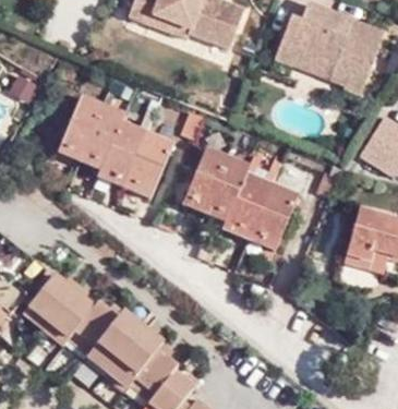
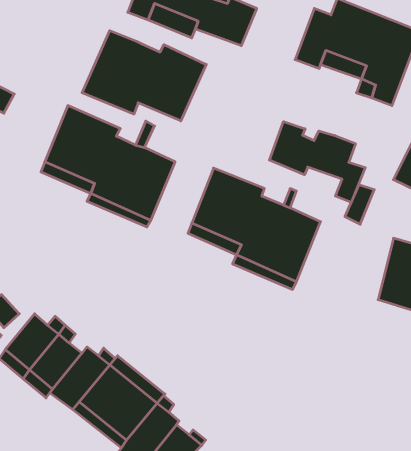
building: none -> [82,31,206,121]
building: none -> [269,122,365,202]

